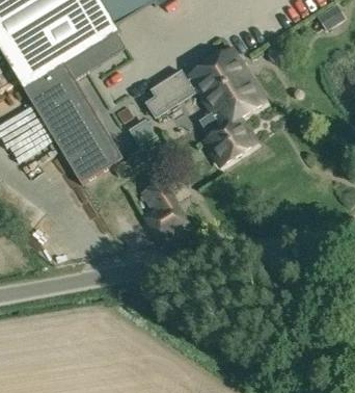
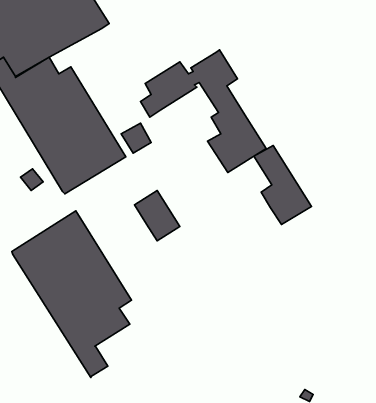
building: [67,38,120,78] -> none
building: [215,48,265,116] -> [254,145,311,225]
building: none -> [12,211,132,377]

